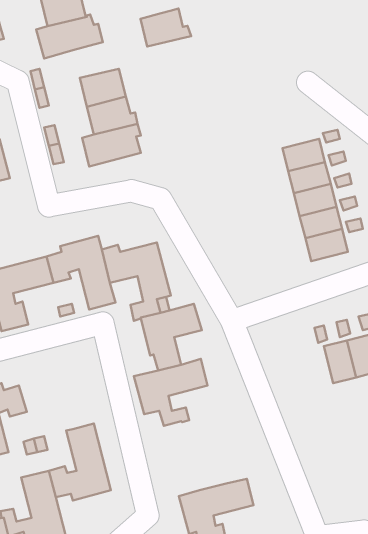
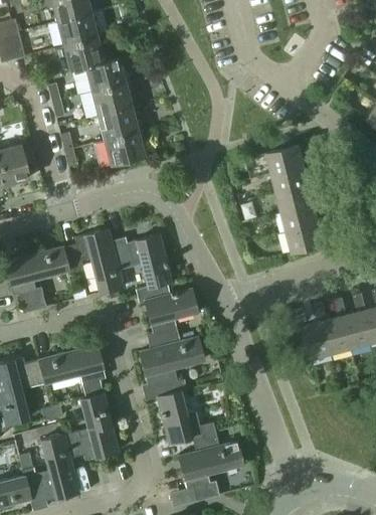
building: [140,8,191,46] -> [84,58,129,92]
building: none -> [37,345,105,398]
building: none -> [156,391,218,452]

